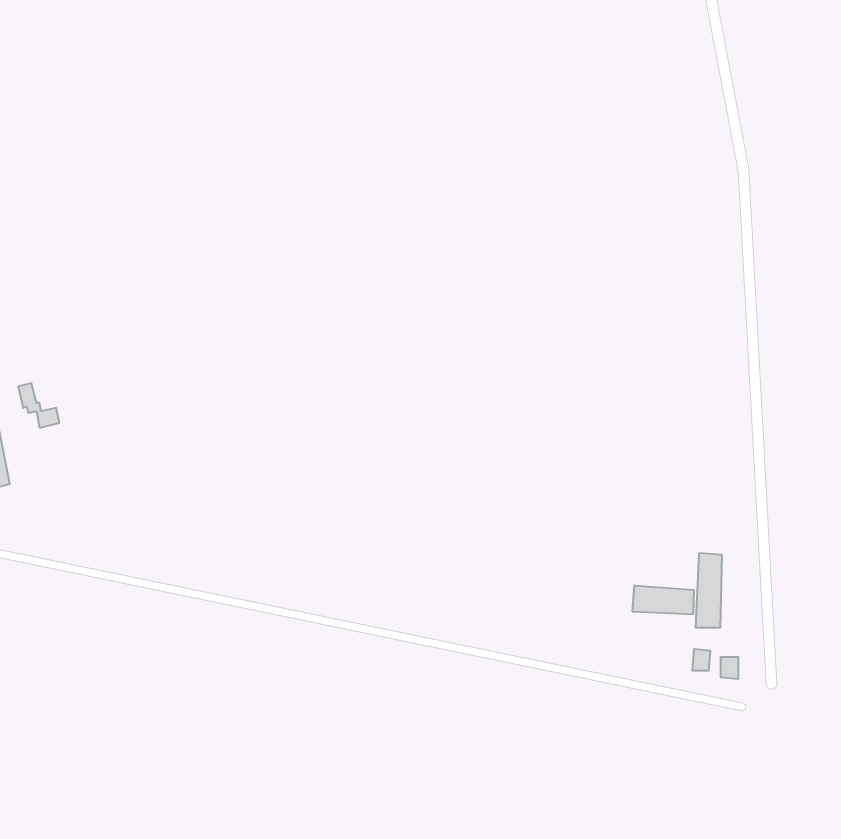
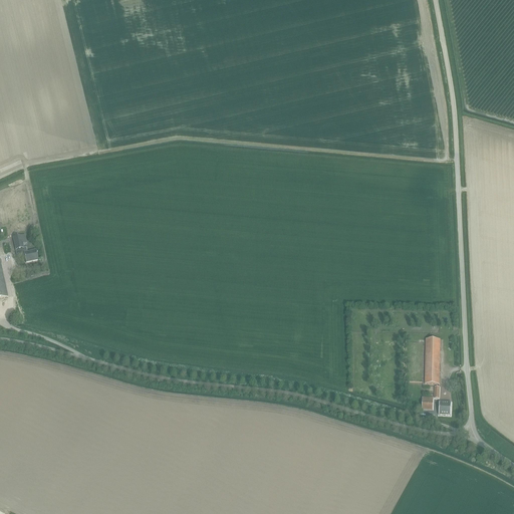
building: [633,585,694,614] -> none

